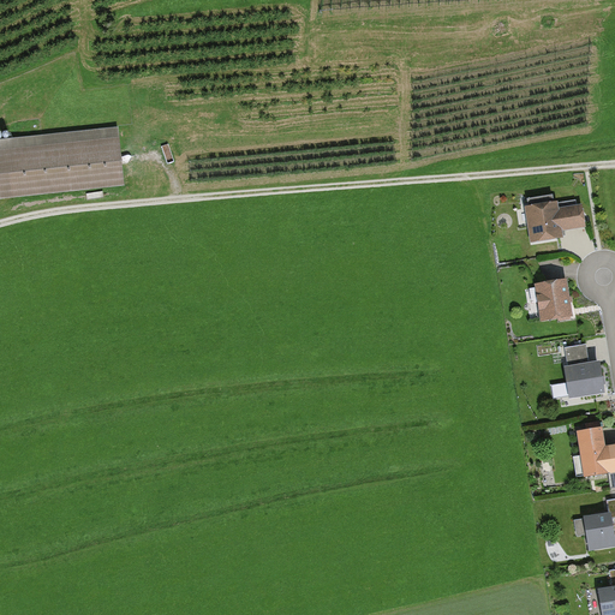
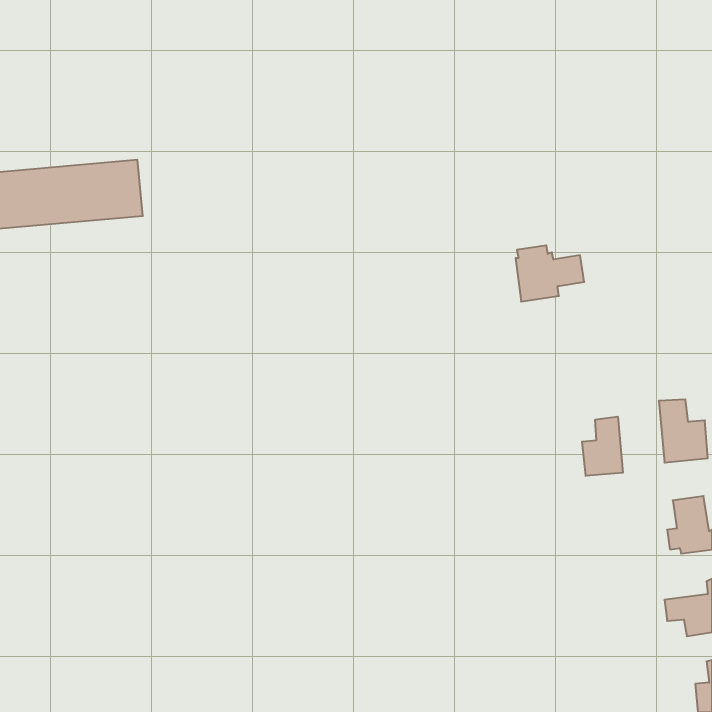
building: [525,193,584,241] -> [516,245,584,302]
building: [529,279,573,320] -> none
building: none -> [582,417,623,476]

